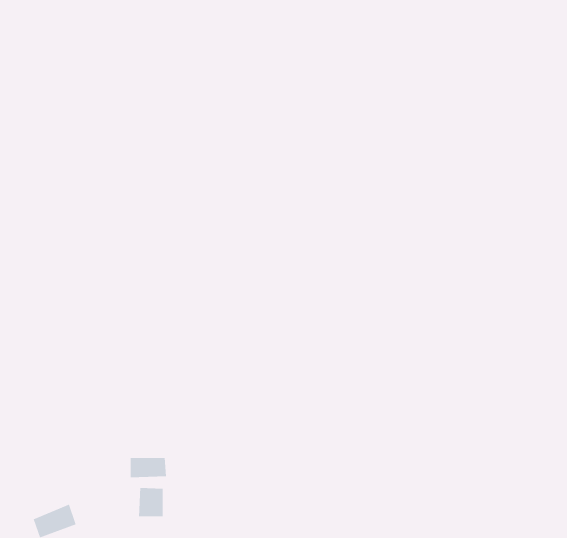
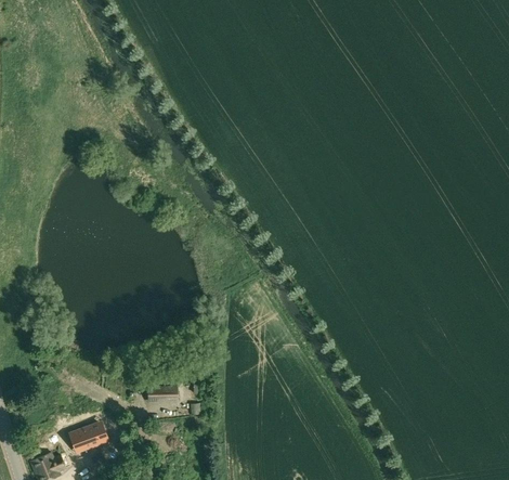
building: [138,487,163,517] -> none

